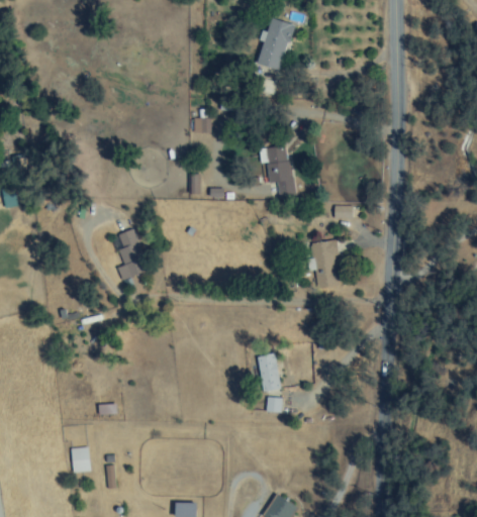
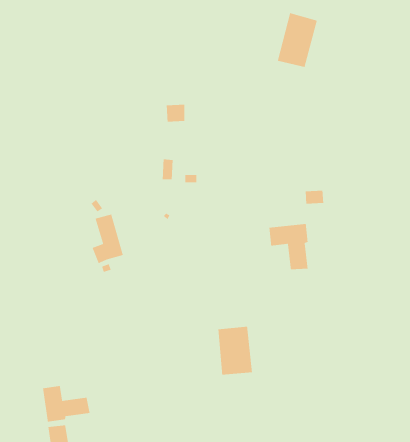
building: [254,17,296,75] -> [277,12,318,68]
building: [260,146,298,198] -> none
building: none -> [42,385,90,423]

